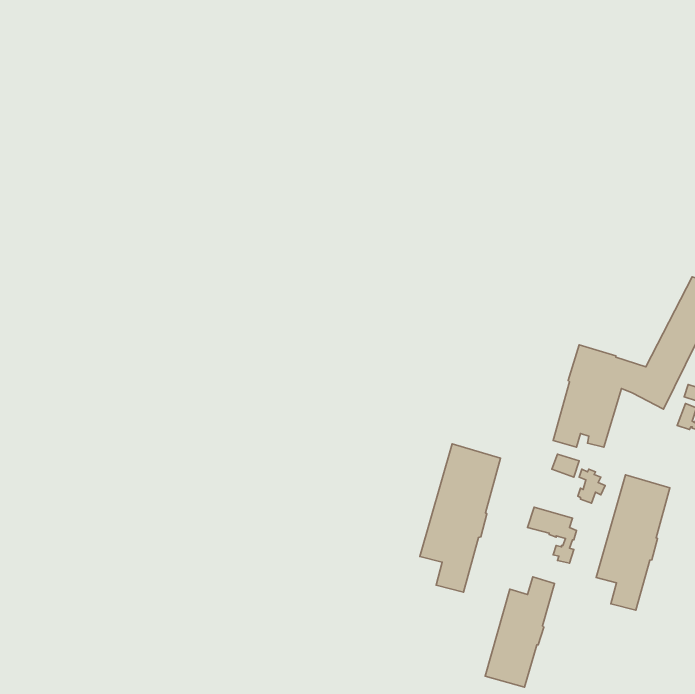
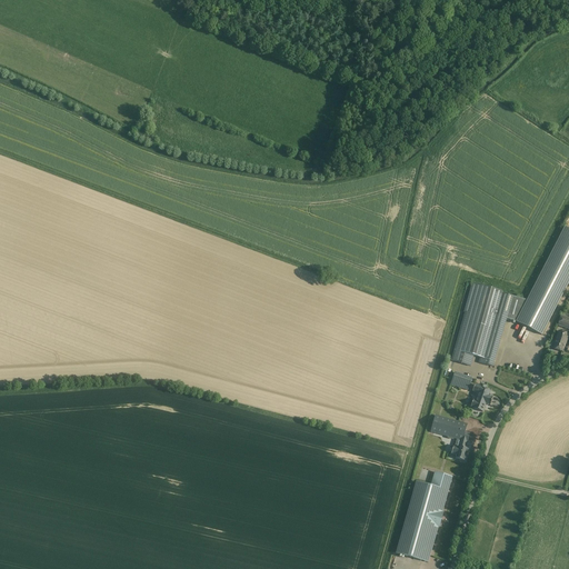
building: [420,444,501,592] -> none
building: [596,475,670,610] -> none

